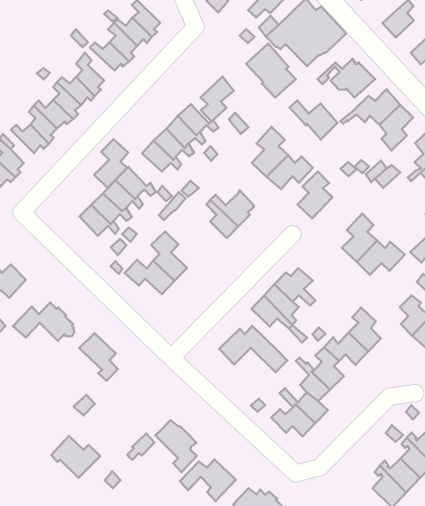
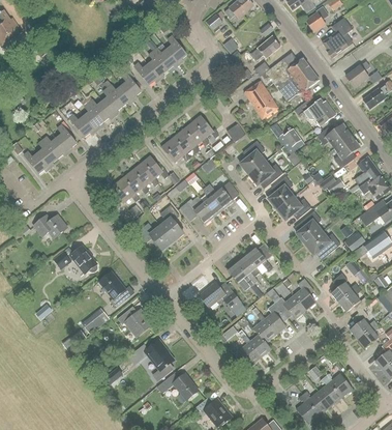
building: [201,77,234,121] -> none
building: [94,139,128,188] -> none
building: none -> [277,196,310,221]
building: none -> [179,196,214,224]
building: [51,436,100,478] -> [118,306,153,337]

